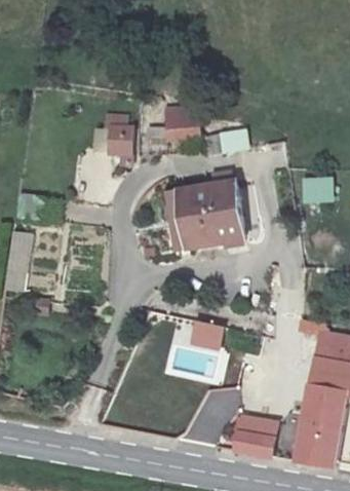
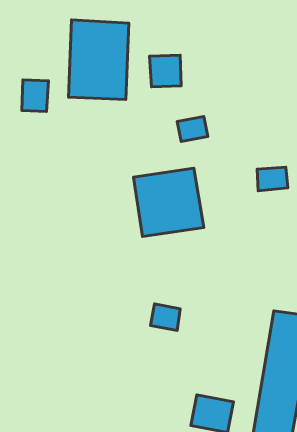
building: none -> [69,20,129,100]
building: [166,107,199,140] -> [150,55,181,87]
building: [106,124,133,157] -> [22,80,49,111]

